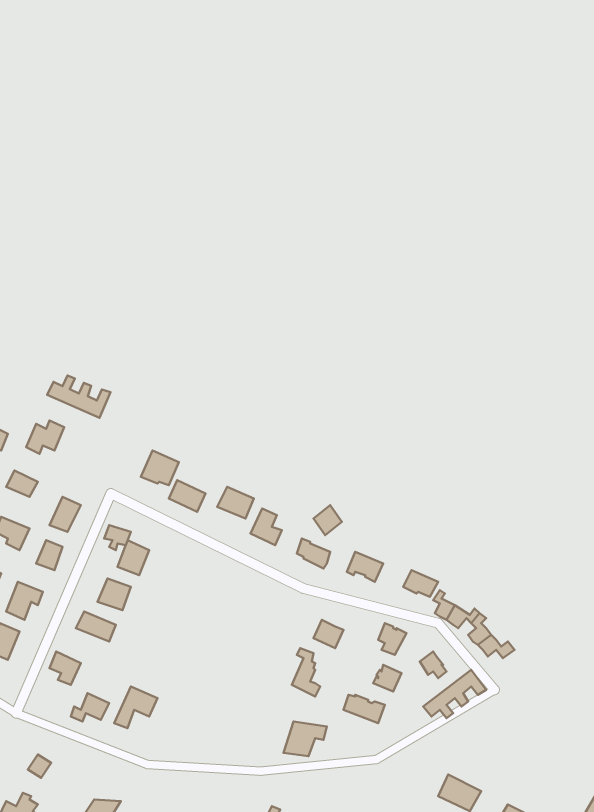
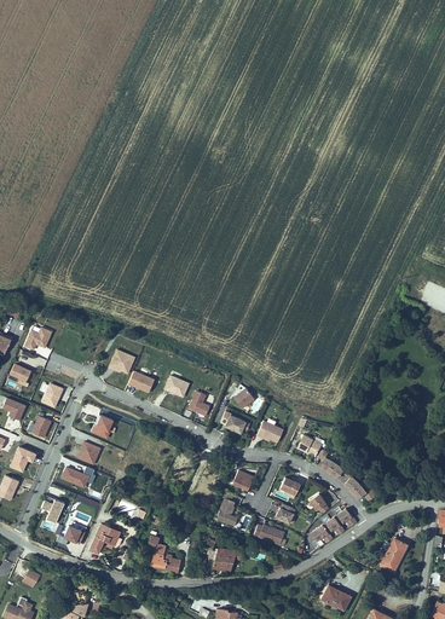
building: [47,375,110,418] -> none
building: none -> [378,534,409,572]
building: none -> [146,538,180,575]

